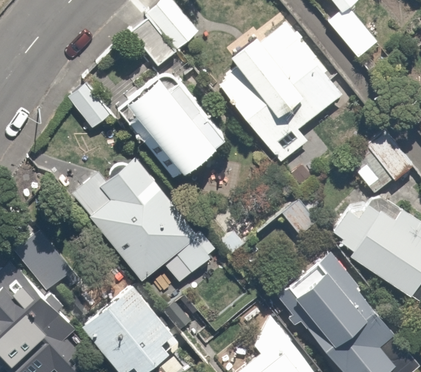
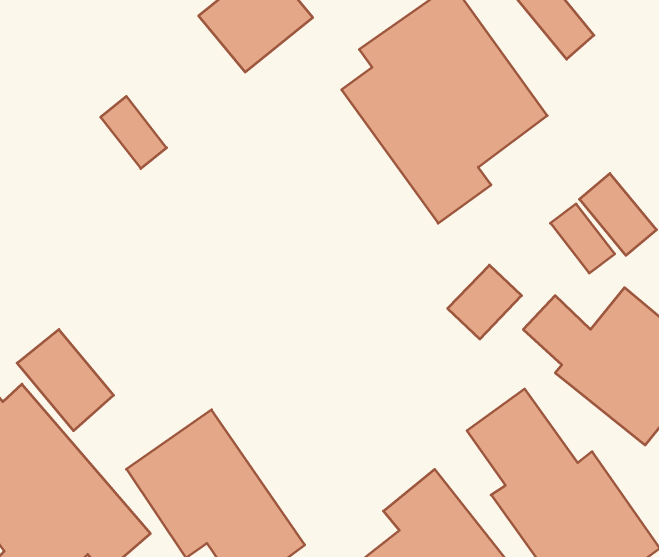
building: [131,72,224,165] -> none
building: [69,157,214,288] -> none

